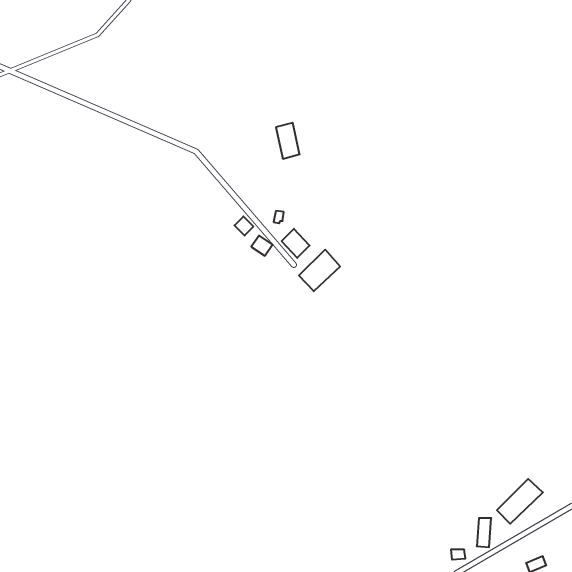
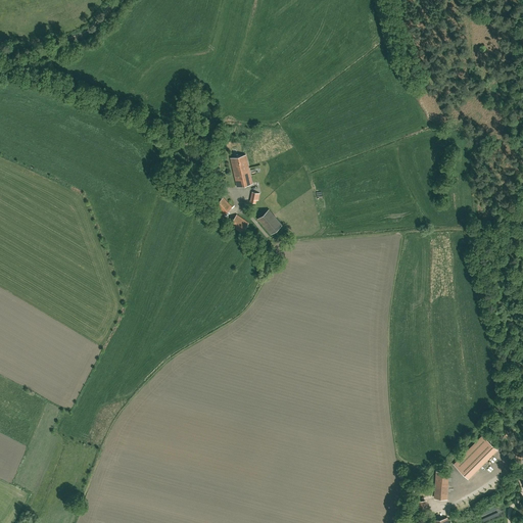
building: [276,123,300,159] -> [230,155,251,188]
building: [299,250,340,291] -> none

